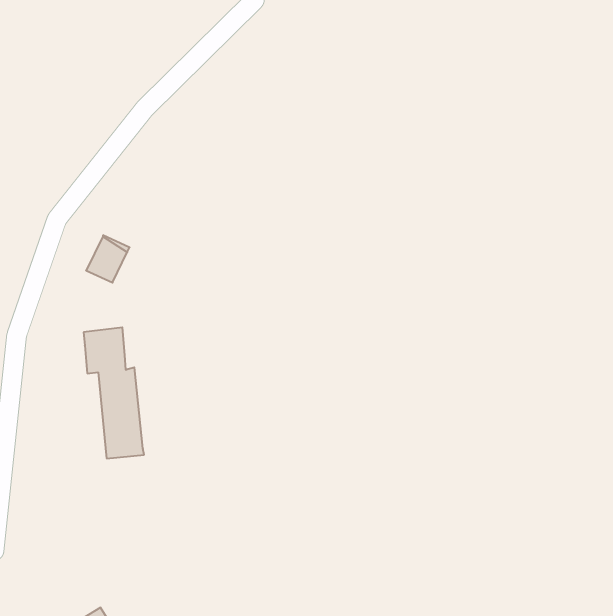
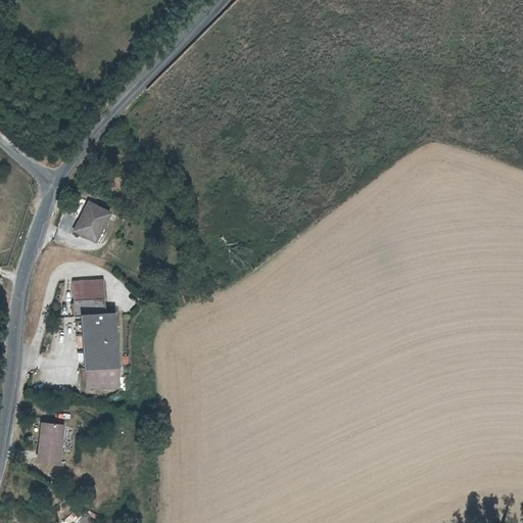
building: none -> [40,423,62,463]

